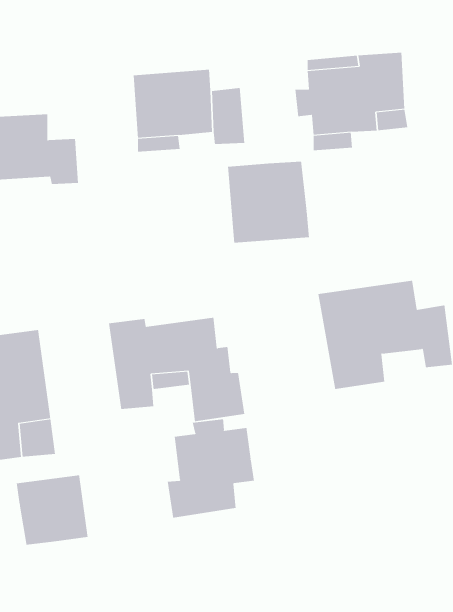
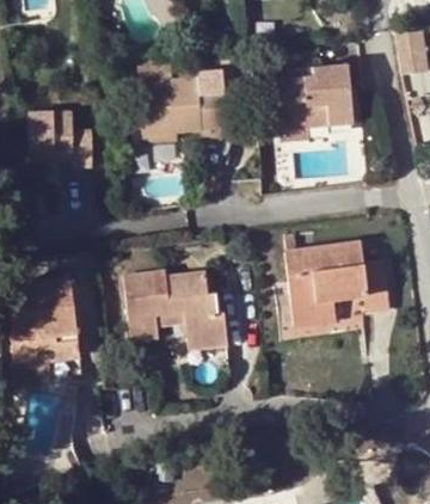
building: [227,161,309,243] -> none
building: [167,419,255,518] -> none
building: [16,474,88,545] -> none

